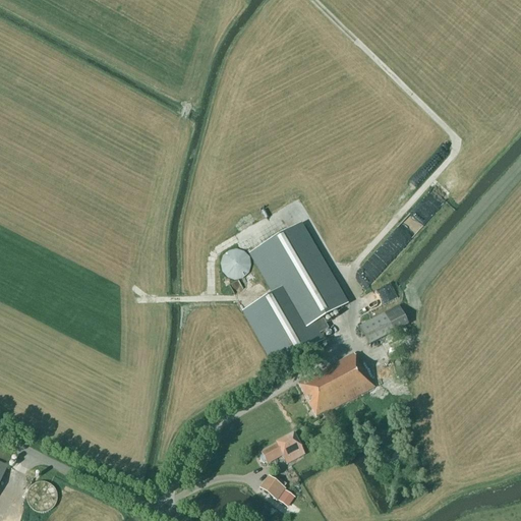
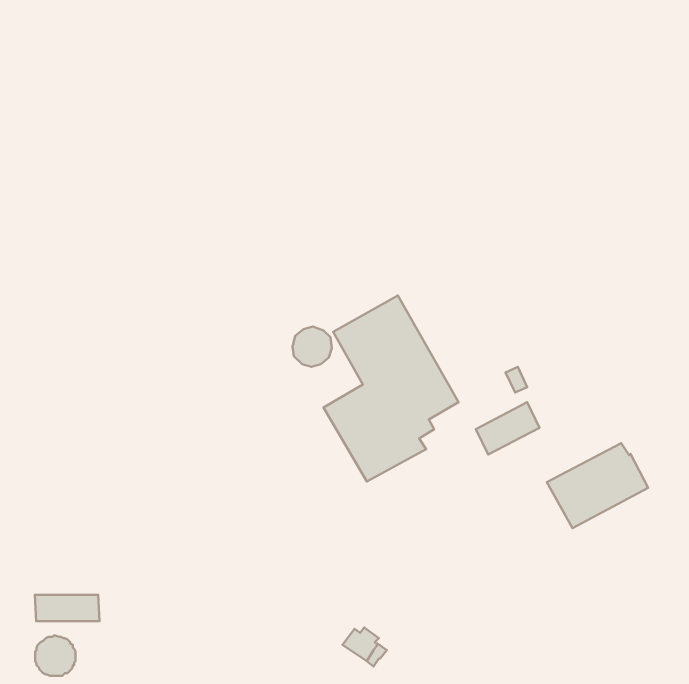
building: [297,351,373,415] -> [547,443,648,528]
building: [259,432,304,462] -> none
building: none -> [35,595,99,621]

